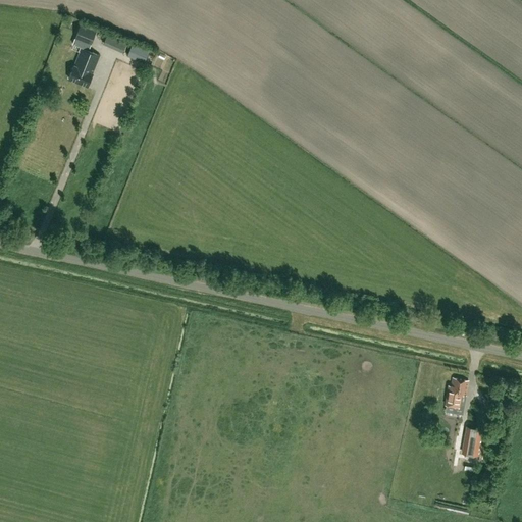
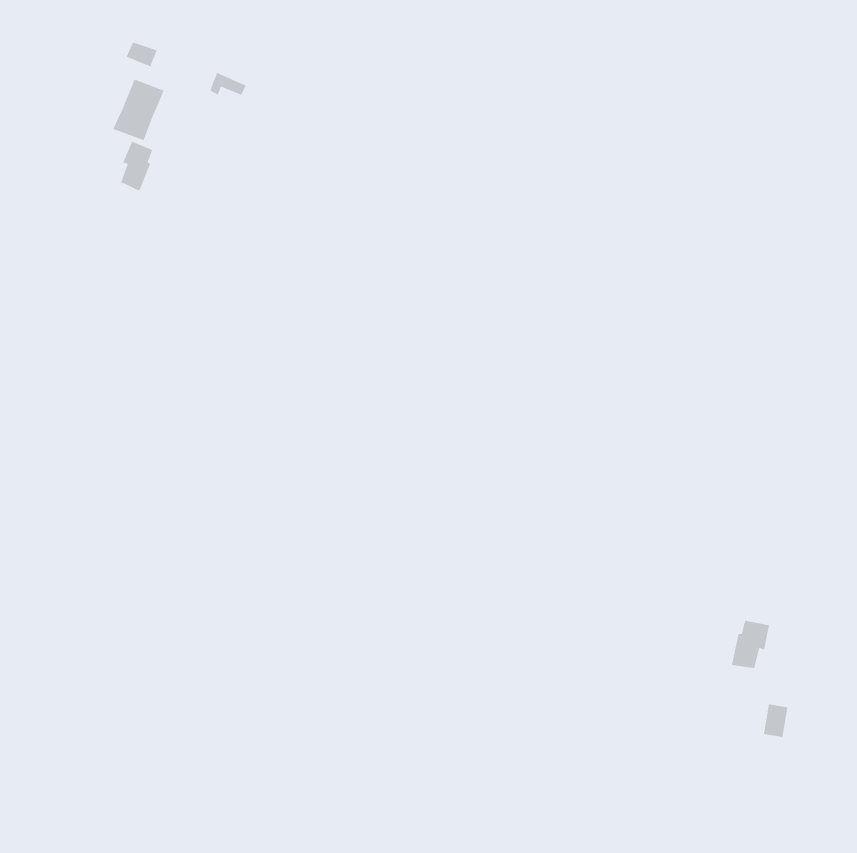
building: none -> [121,141,153,191]

